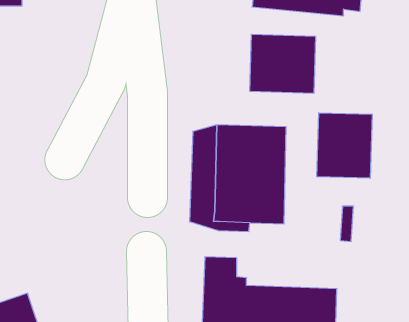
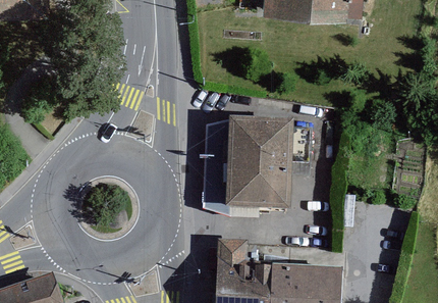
building: [250,34,315,93] -> none
building: [317,113,372,178] -> none

